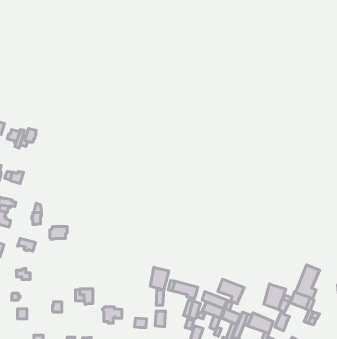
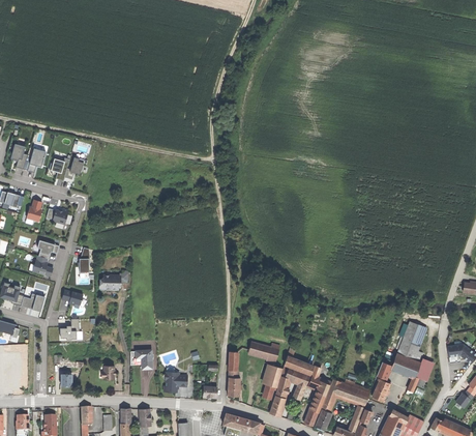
building: [150,267,169,290] -> none
building: [218,279,244,304] -> none
building: [264,284,286,310] -> none

